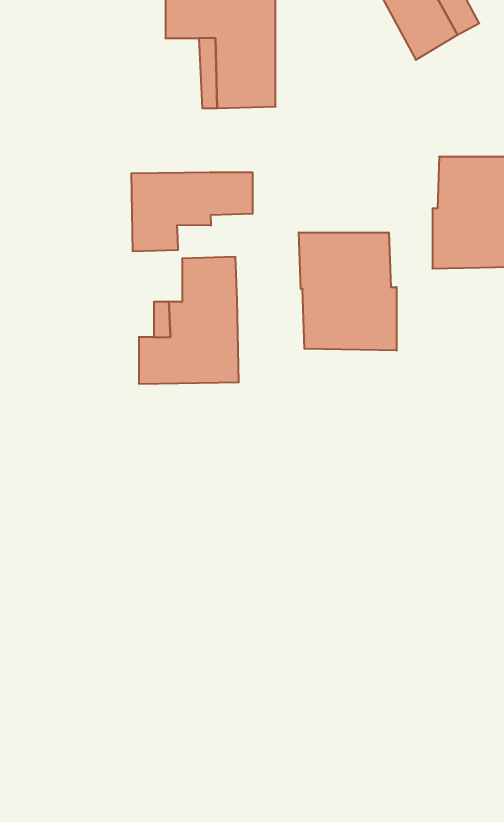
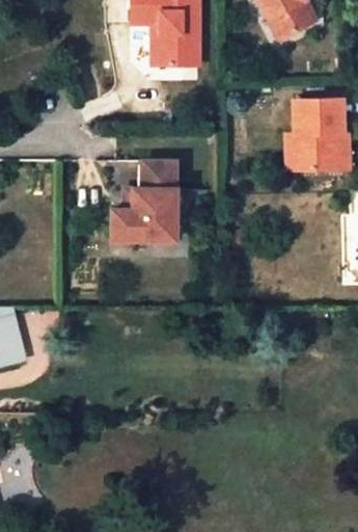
building: [131,172,252,251] -> none
building: [299,232,397,351] -> none

